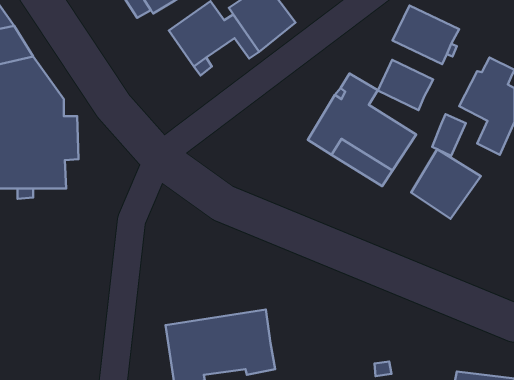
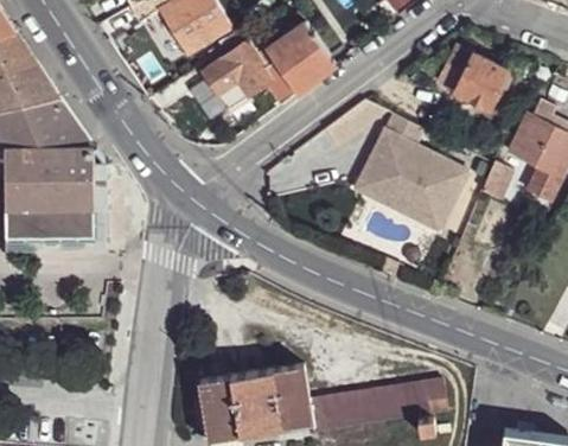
building: [378,60,433,110] -> none
building: [411,149,481,219] -> none
building: none -> [309,378,448,431]

